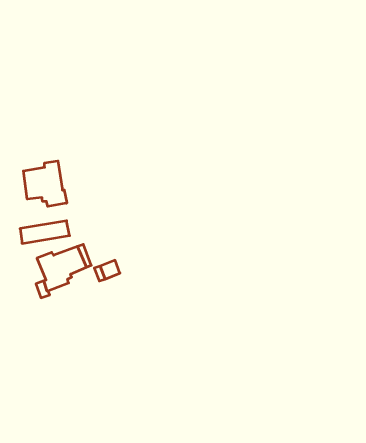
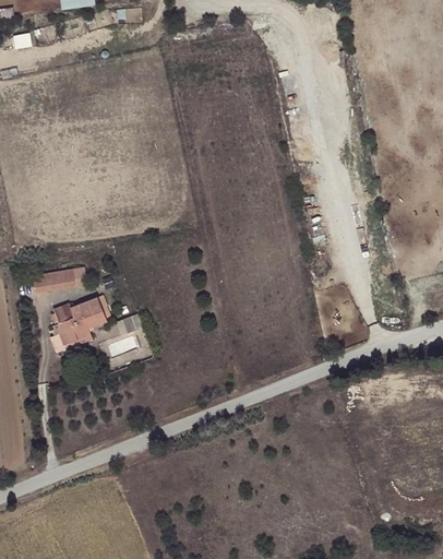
building: [23,161,67,206] -> none

